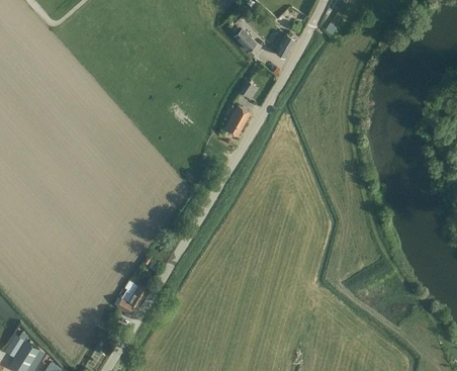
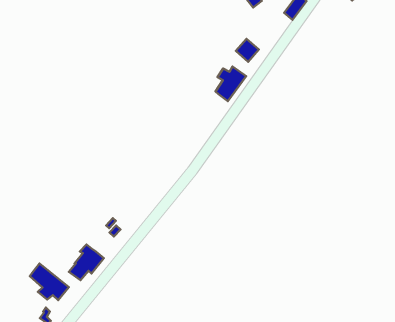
building: none -> [30,264,69,300]

